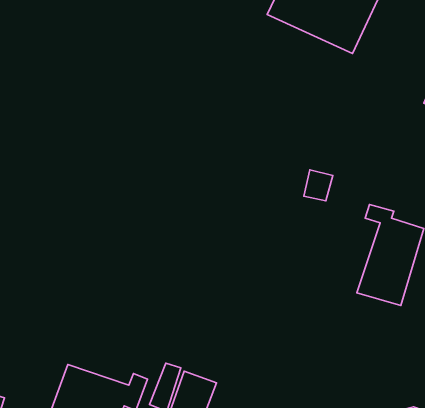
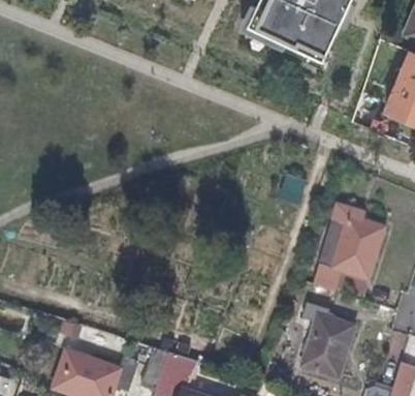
building: none -> [300,303,355,378]

